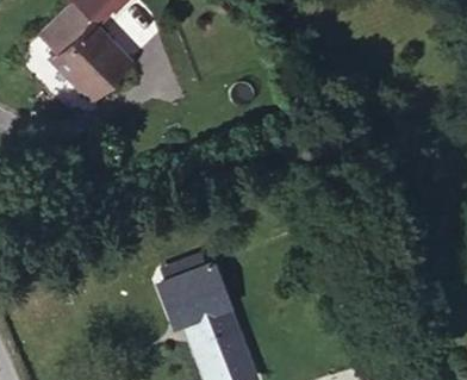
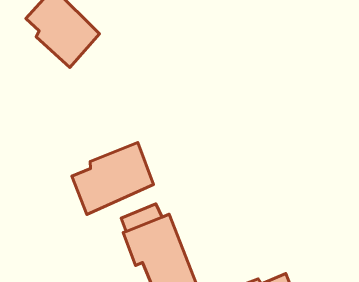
building: none -> [72,143,154,215]

